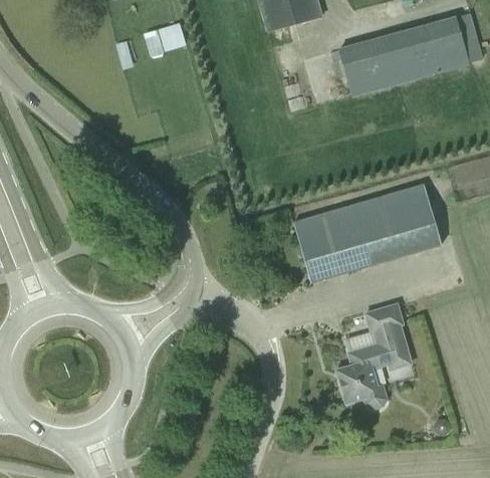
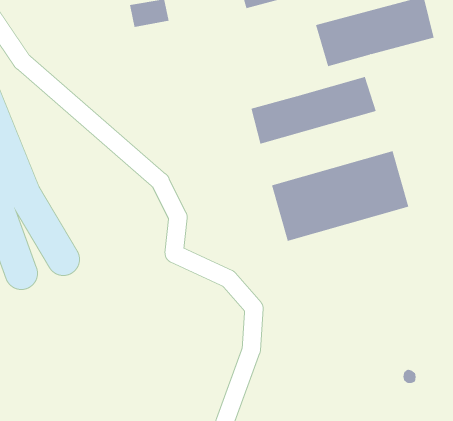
building: none -> [251,76,376,144]
building: [339,303,411,408] -> none

